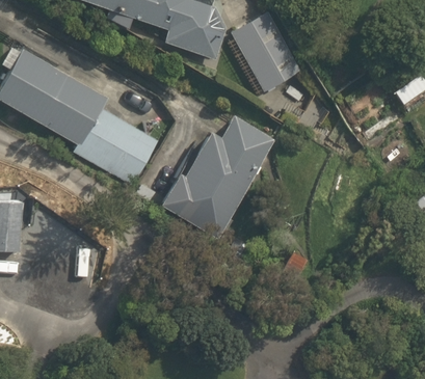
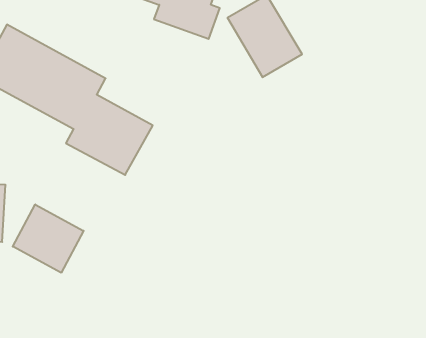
building: [155,119,271,253] -> none
building: none -> [13,204,84,273]

